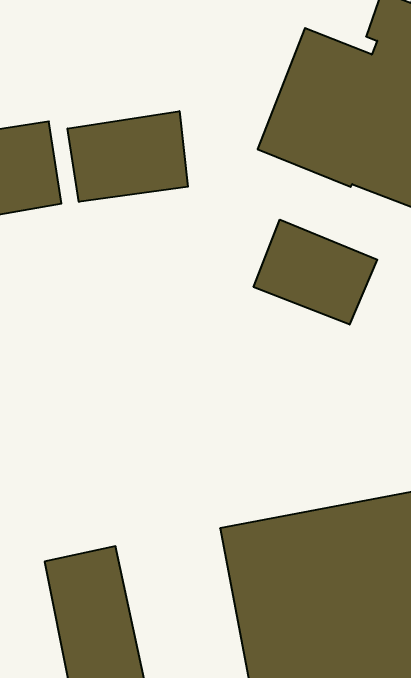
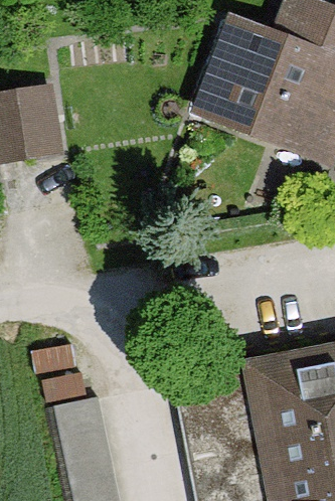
building: [68,111,188,202] -> none
building: [254,220,377,325] -> none

